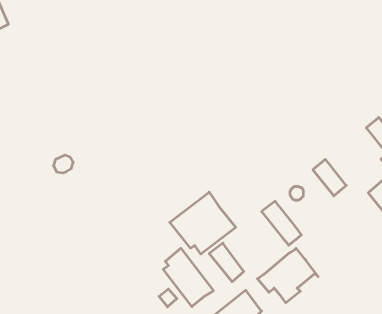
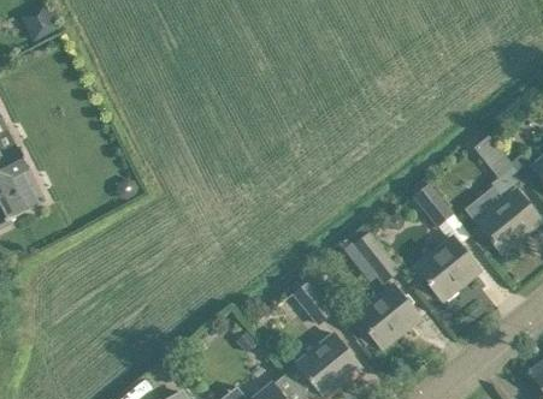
building: [170,192,236,254] -> none
building: none -> [415,238,479,300]
building: [163,248,213,307] -> none

